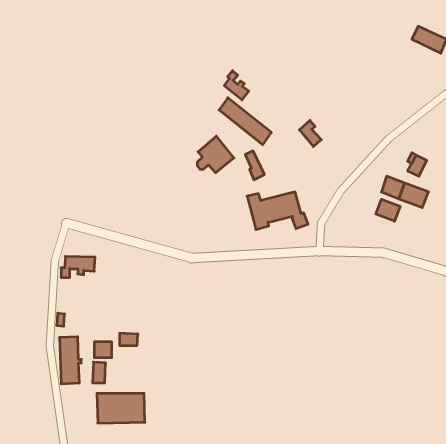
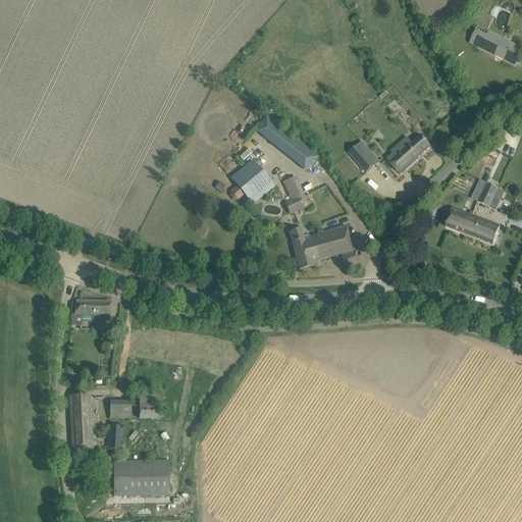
building: [224,71,249,100] -> none
building: none -> [386,133,430,173]
building: [376,199,400,221] -> none

